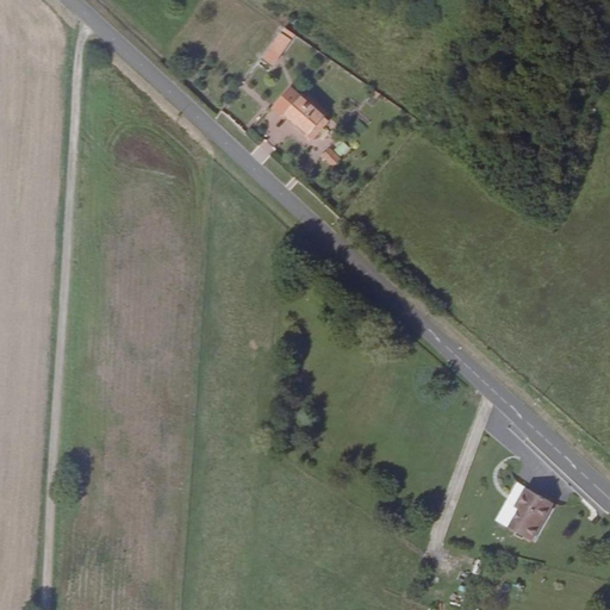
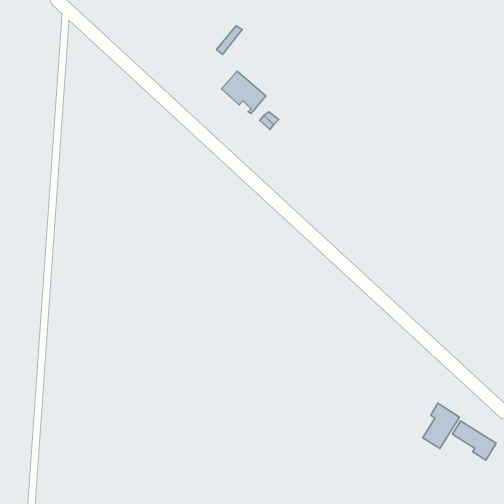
building: none -> [453,421,496,460]

